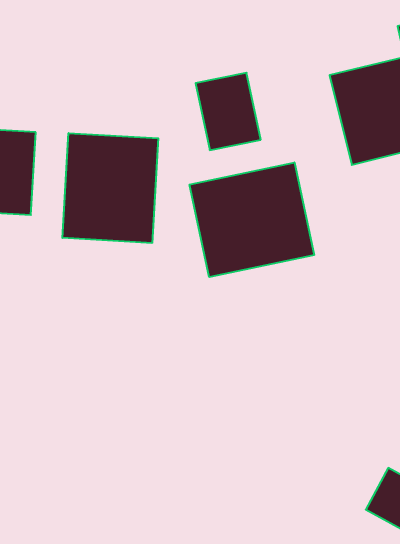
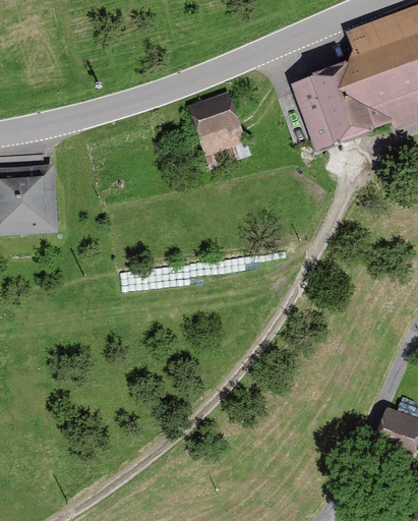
building: [62,133,158,243] -> none
building: [190,162,314,277] -> none

